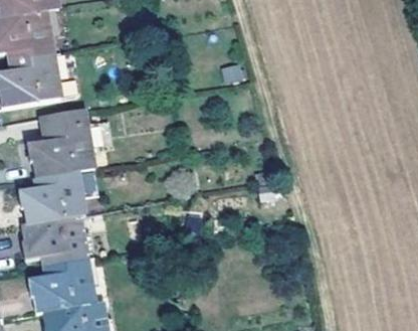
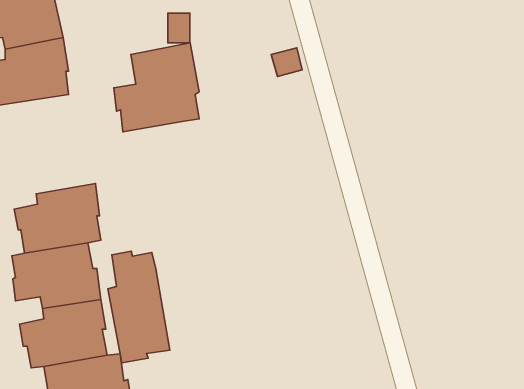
building: [30,106,96,175] -> [114,43,199,132]
building: none -> [108,251,170,363]

